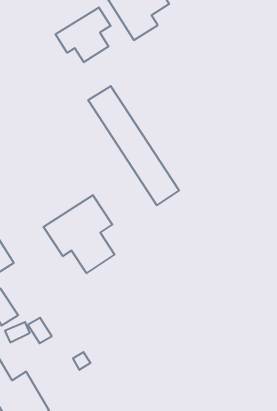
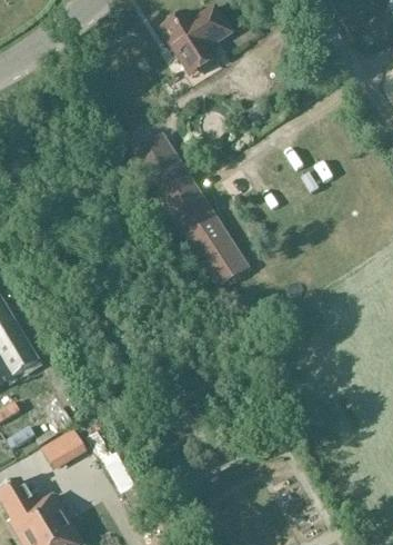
building: [56,7,111,62] -> none
building: [44,195,114,273] -> none

